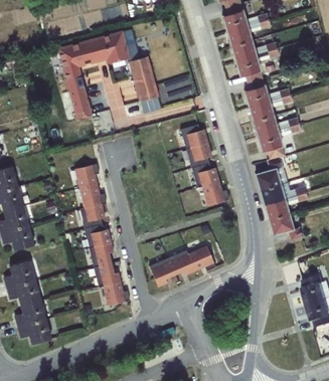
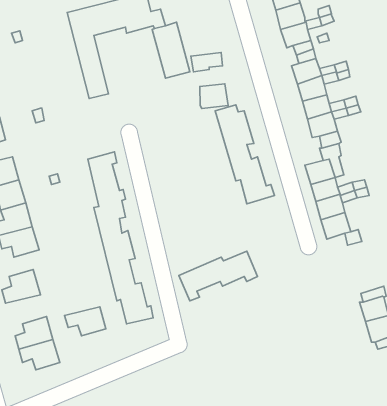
building: none -> [200,84,228,108]
building: [6,281,40,306] -> [65,307,106,336]

